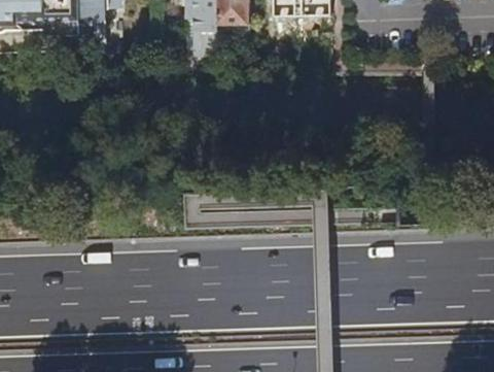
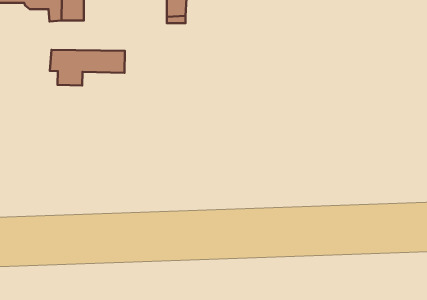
building: none -> [50,50,125,85]

